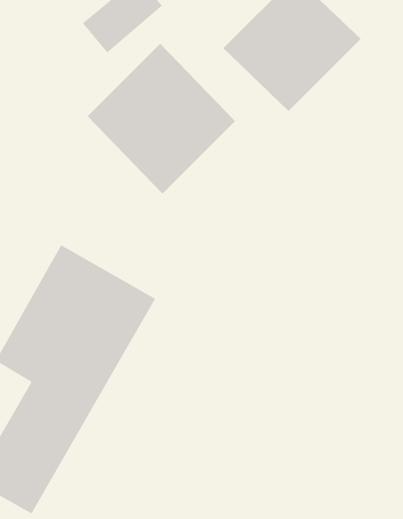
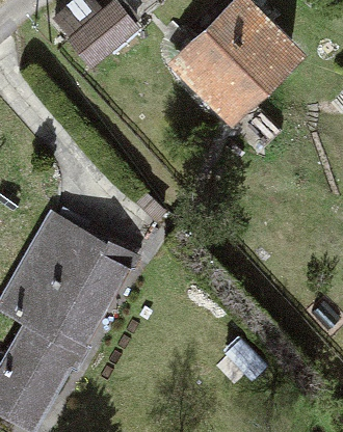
building: [87,43,236,194] -> none

